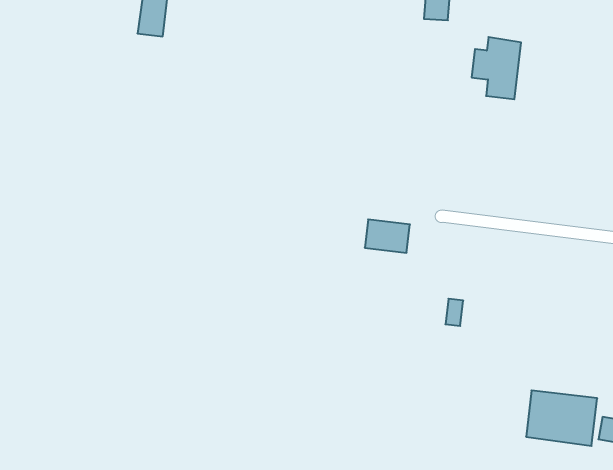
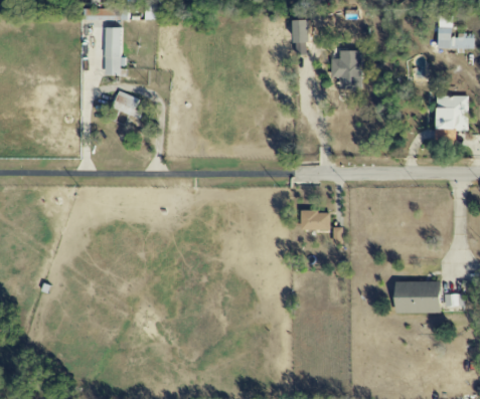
building: none -> [112,91,141,117]
building: [365,219,410,253] -> [301,211,329,230]

